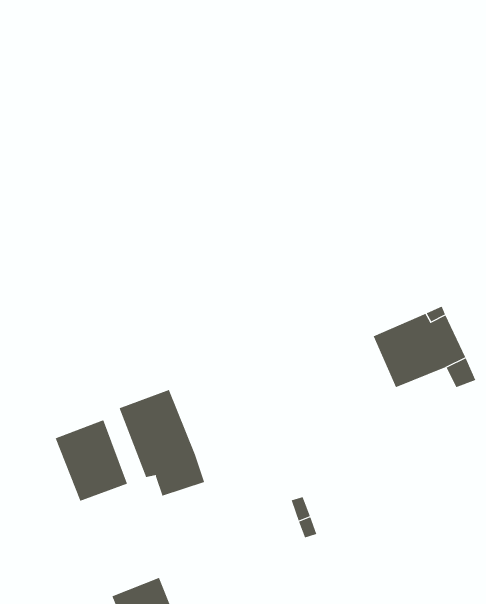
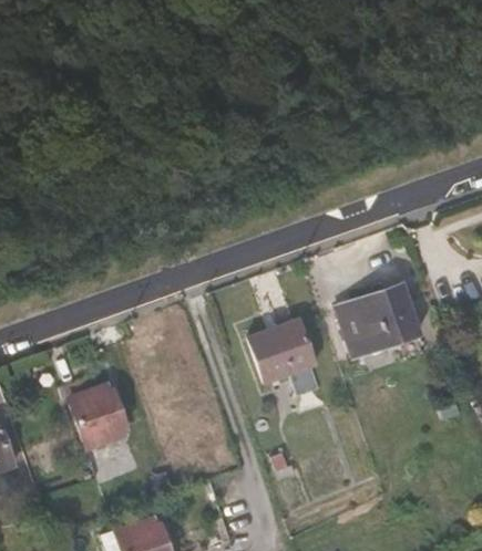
building: none -> [254,322,326,387]
building: [119,389,205,496] -> none

